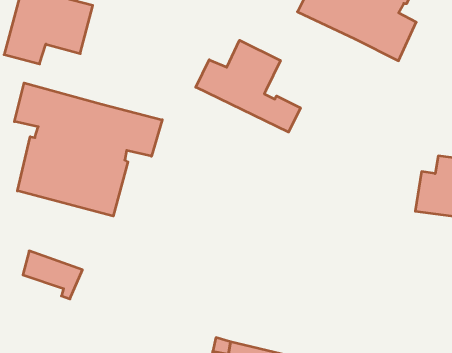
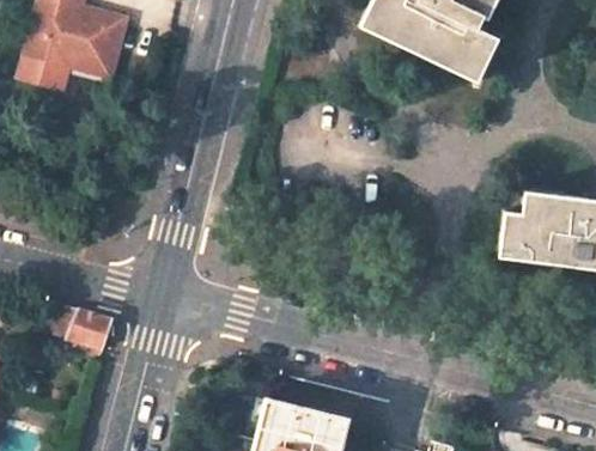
building: [196,40,300,132] -> none
building: [14,83,162,216] -> none

